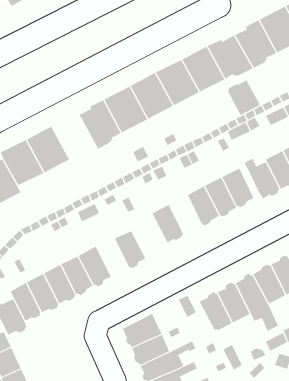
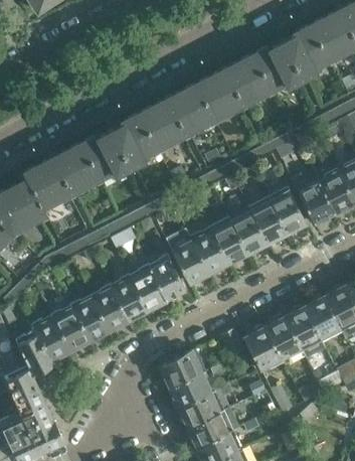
building: [227,80,261,116] -> none
building: none -> [81,130,133,179]
building: none -> [211,218,247,262]
building: none -> [172,239,209,282]
building: none -> [131,266,167,310]

